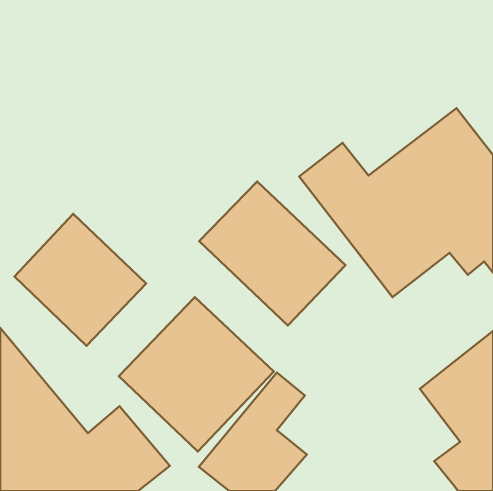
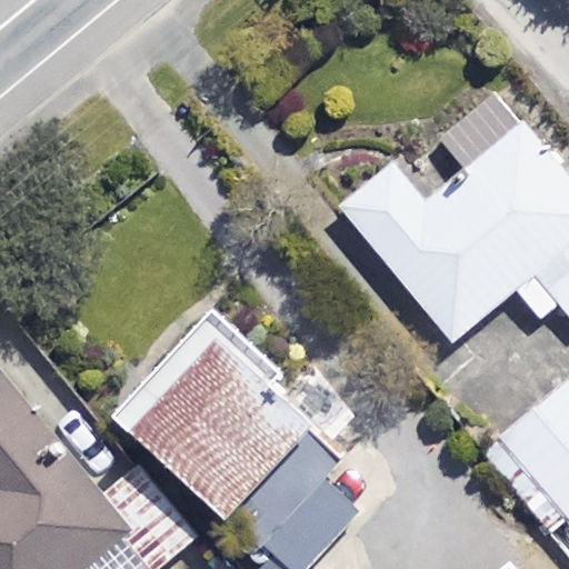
building: [199,181,346,326] -> none
building: [14,214,146,346] -> none

